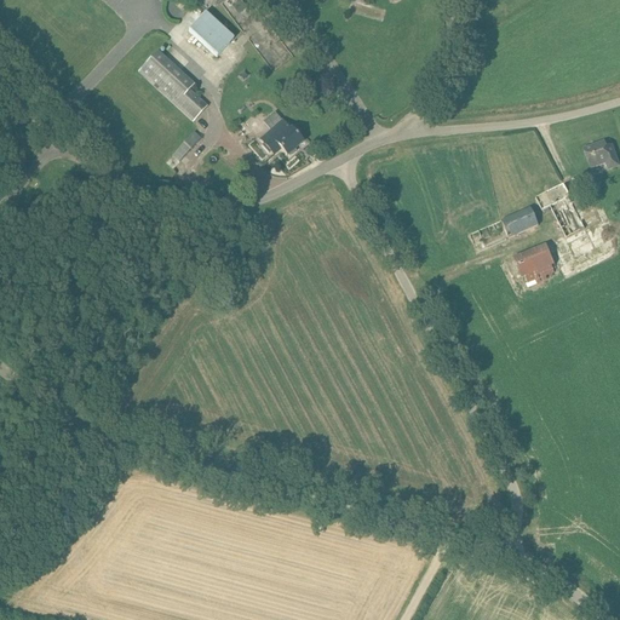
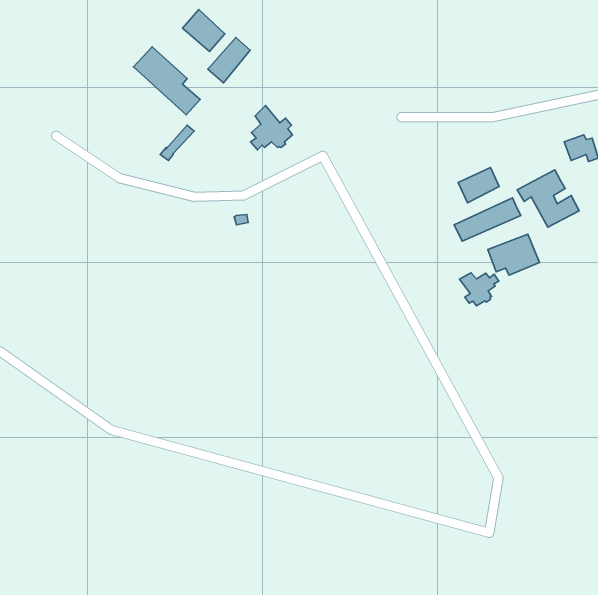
building: none -> [208,37,250,83]
building: none -> [458,168,499,203]
building: none -> [459,273,499,306]

